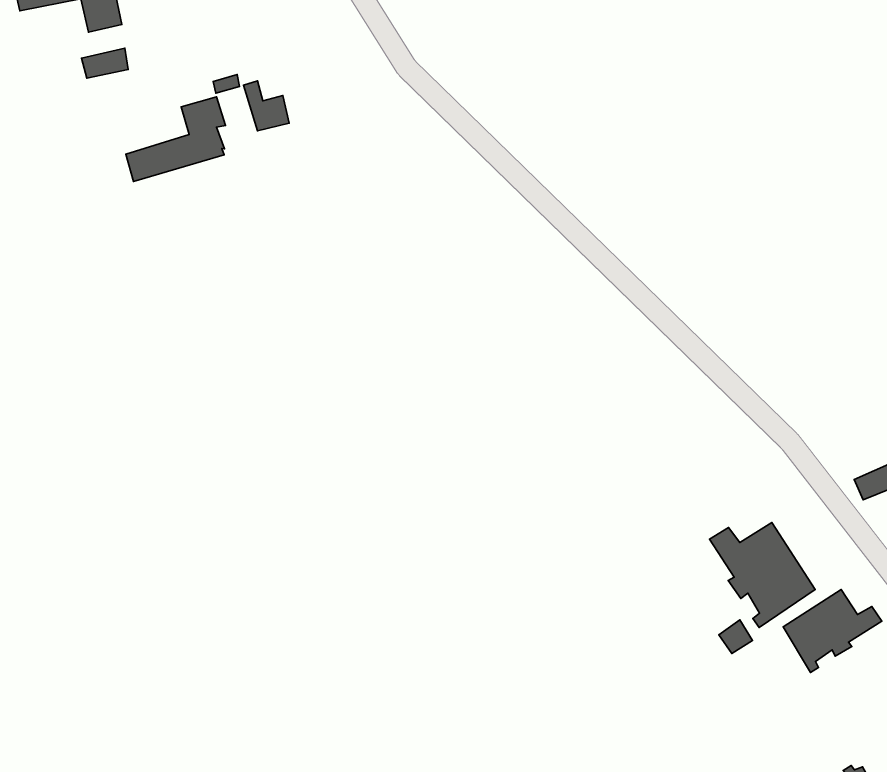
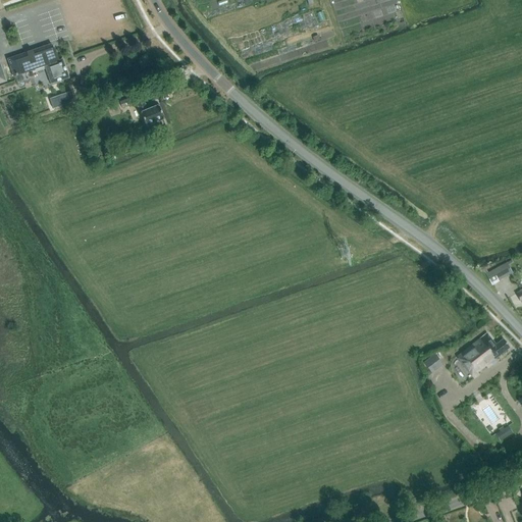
building: [126,97,225,182] -> none
building: [709,522,815,627] -> none

